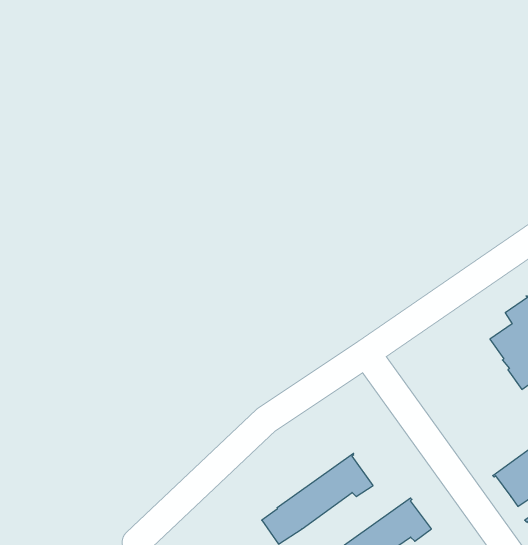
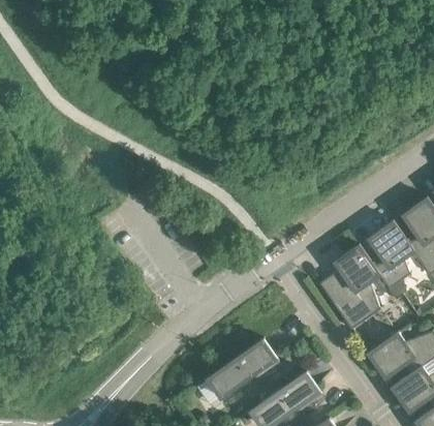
building: none -> [319,244,380,330]

